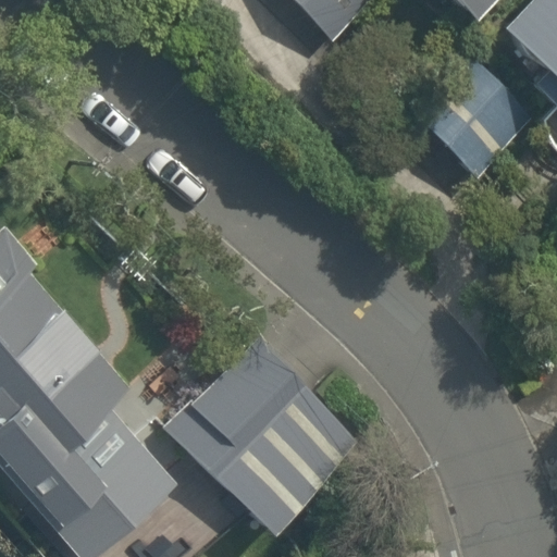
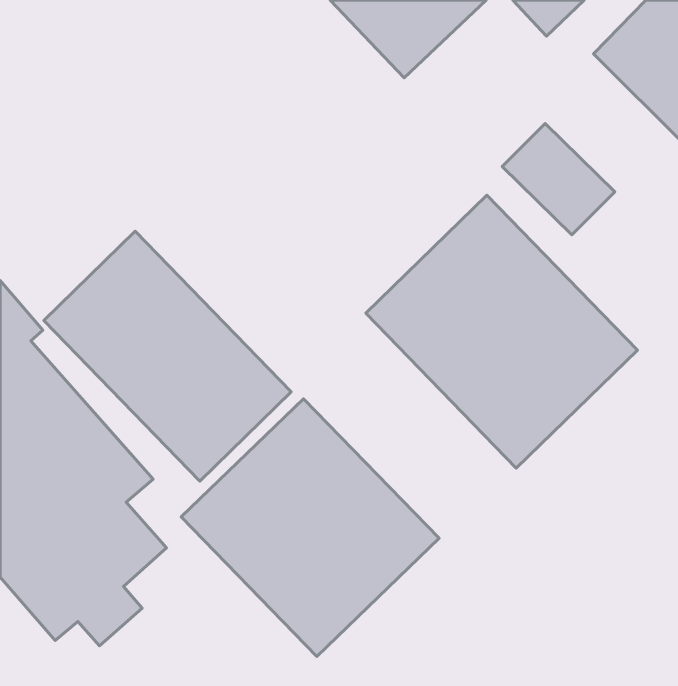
building: none -> [366,195,637,468]
building: none -> [44,231,291,481]

